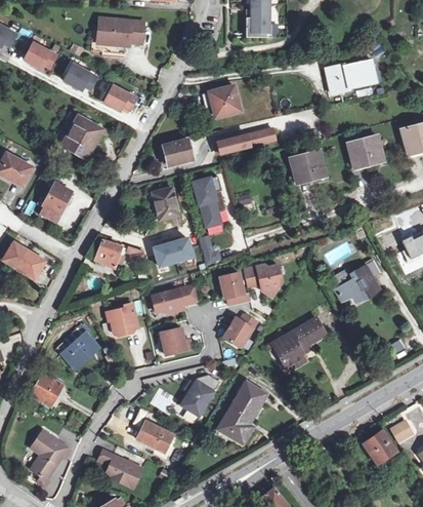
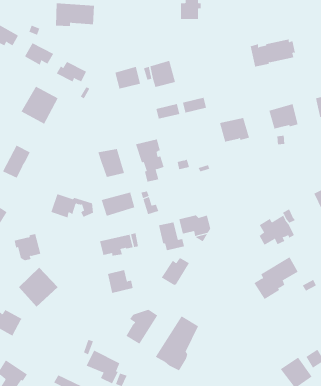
building: [162,138,193,164] -> [115,66,141,89]
building: [105,304,137,336] -> [14,233,41,261]
building: [273,316,326,366] -> [254,257,298,300]

